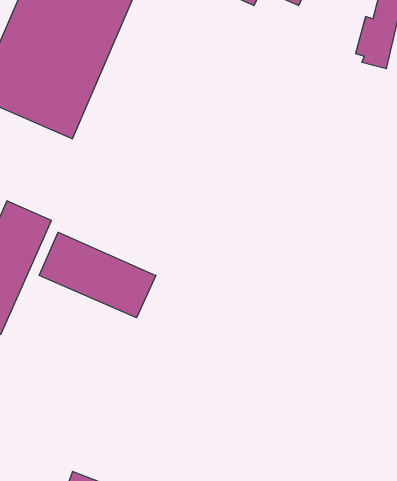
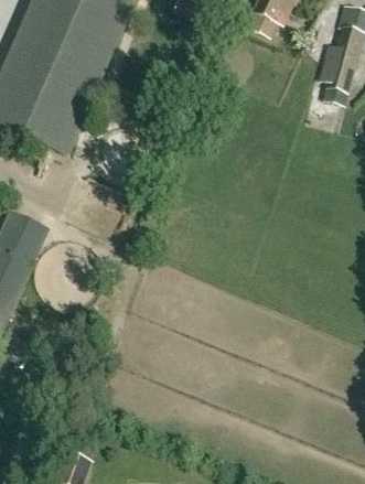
building: [39,232,156,318] -> none

